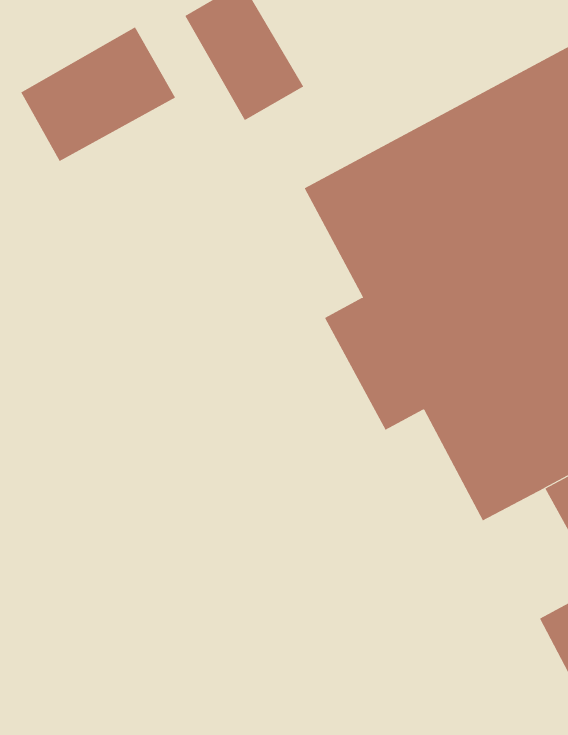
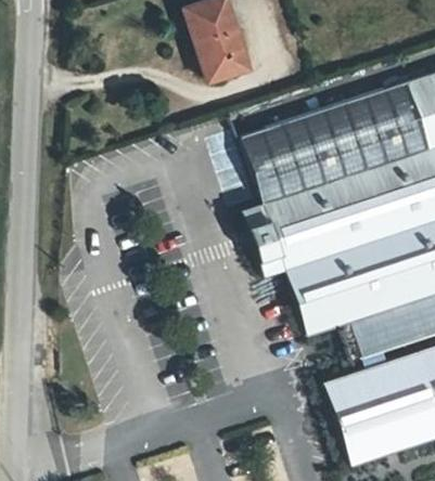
building: [20,27,176,162] -> none

